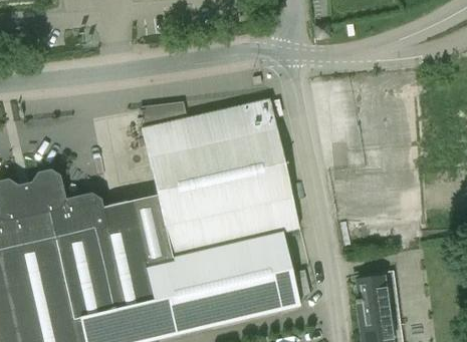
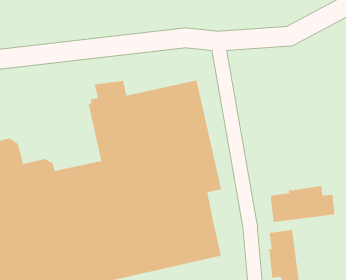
building: none -> [270,185,335,223]

